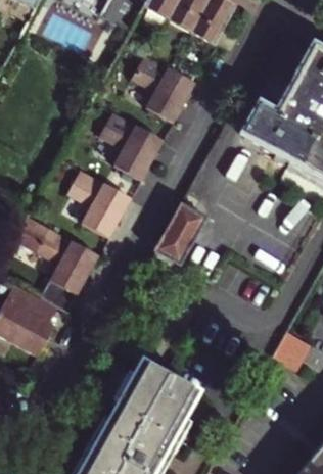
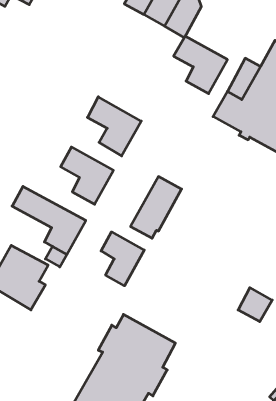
building: [132,56,193,122] -> [174,36,227,94]
building: none -> [101,232,144,286]

